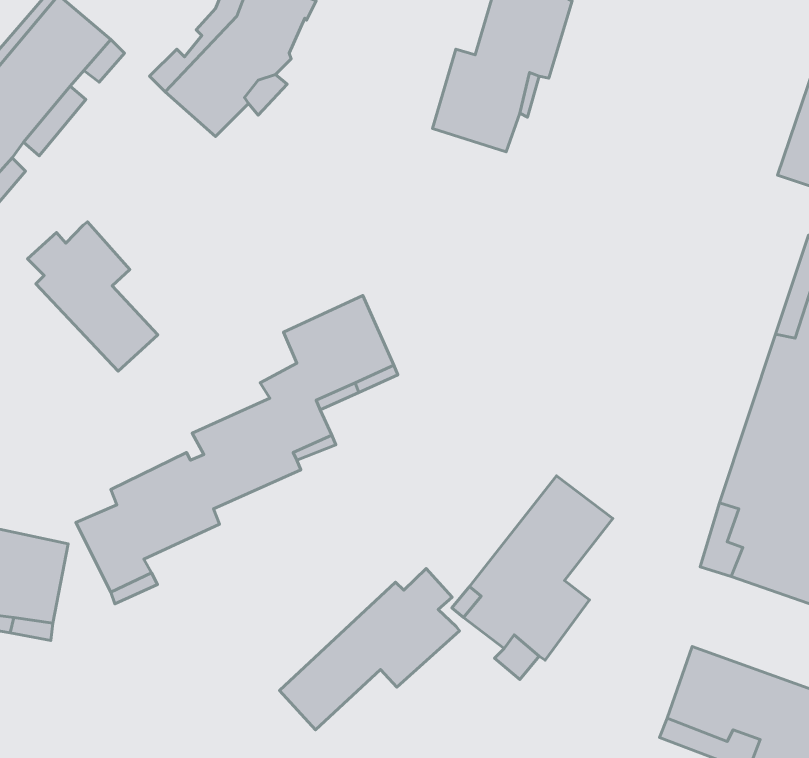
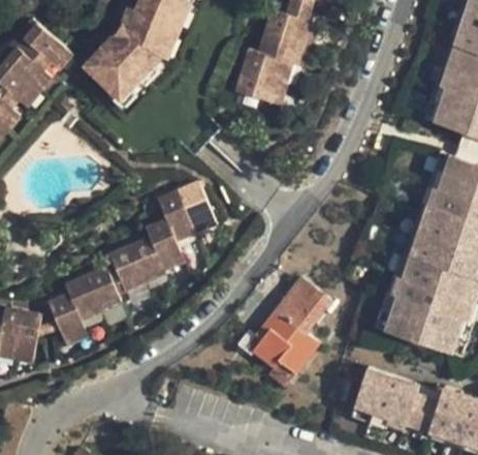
building: [28,222,158,371] -> none
building: [280,569,459,730] -> none

